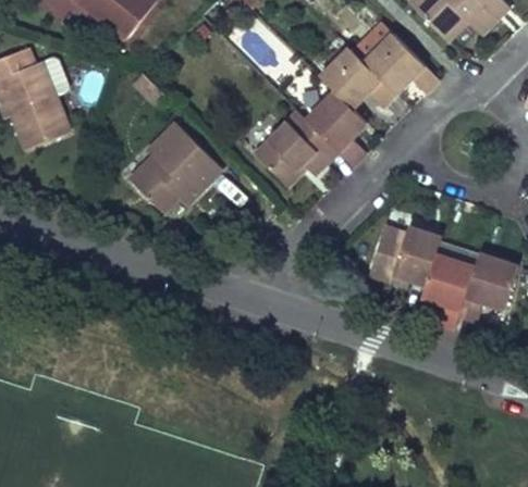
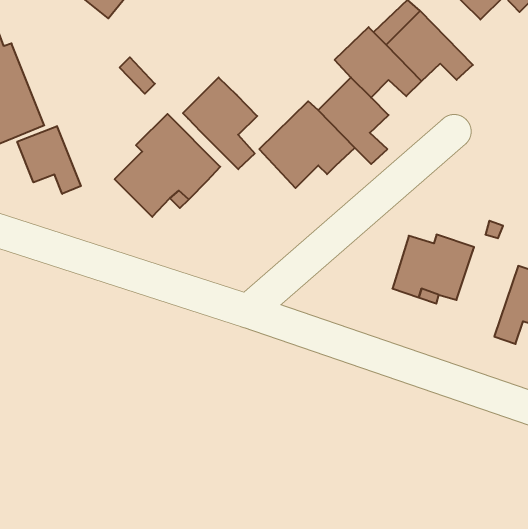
building: none -> [183,77,257,169]
building: none -> [17,126,81,194]
building: [421,240,479,329] -> none

